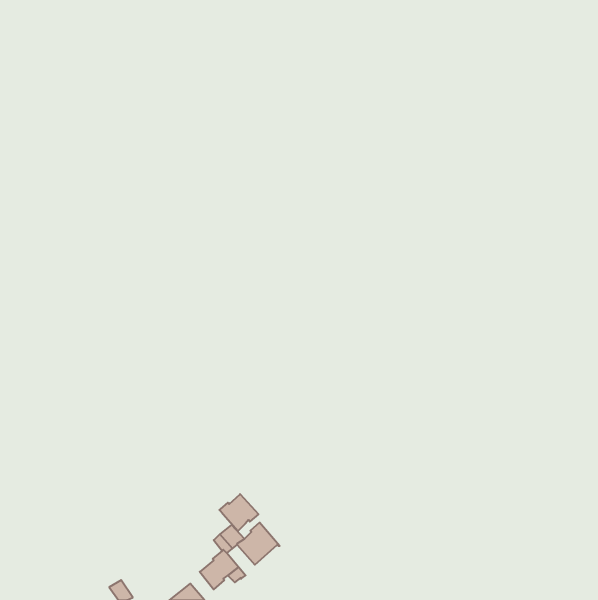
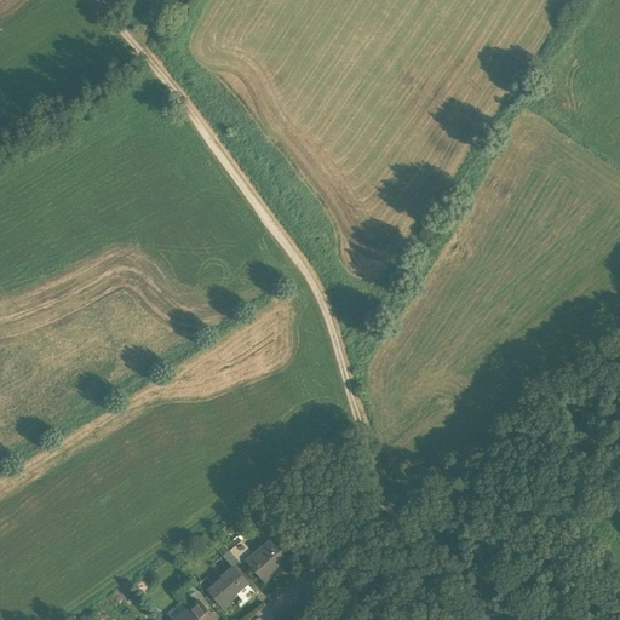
building: [219,494,258,531] -> none

